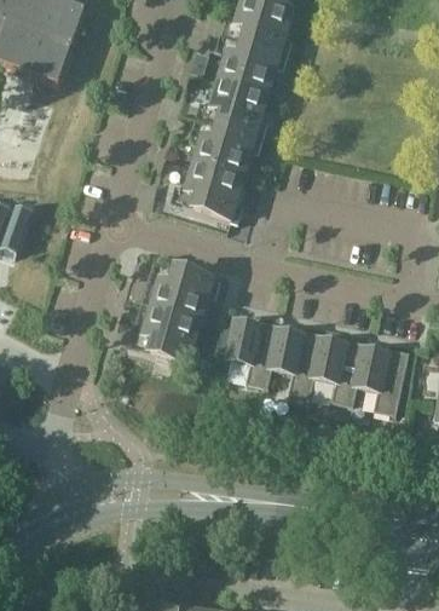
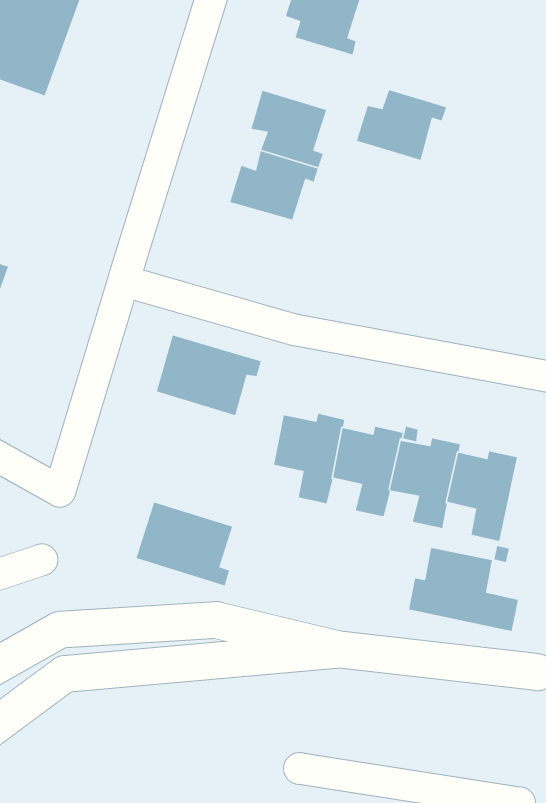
building: [219,39,287,92] -> [356,89,447,161]
building: [183,161,242,219] -> none
building: [127,301,200,364] -> [135,502,233,586]
building: none -> [408,547,519,632]

